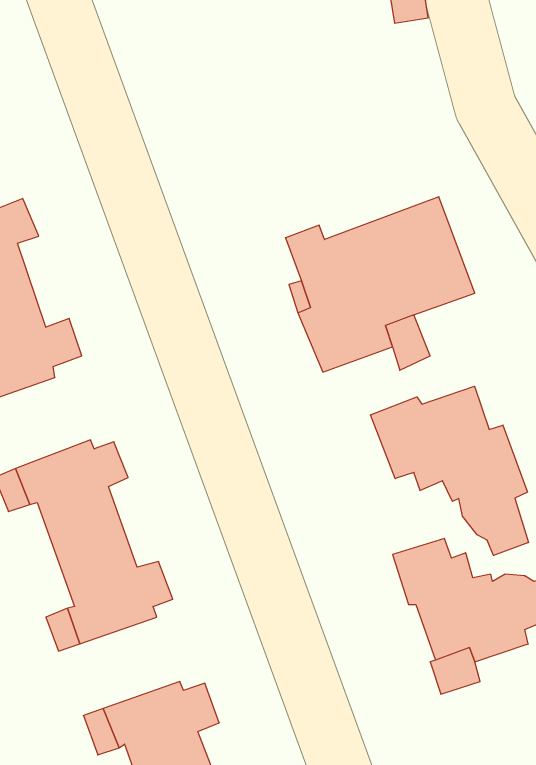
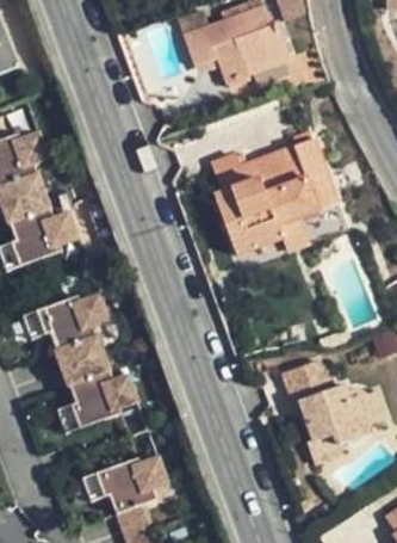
building: none -> [184,7,289,88]
building: [371,386,528,555] -> none

